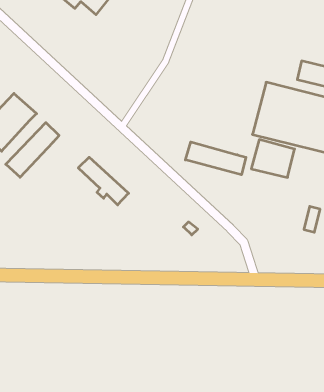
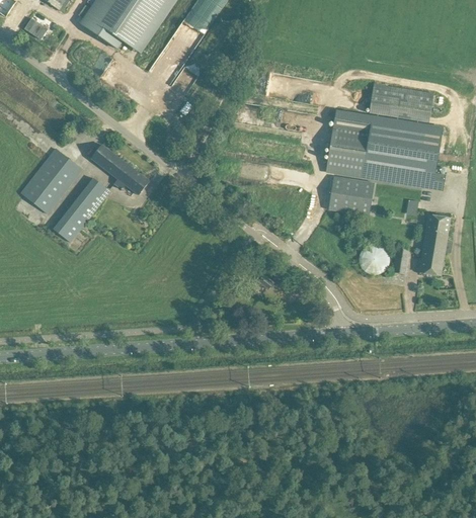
building: [185,142,246,175] -> none
building: [78,157,129,205] -> [90,144,149,194]
building: none -> [358,243,392,273]

